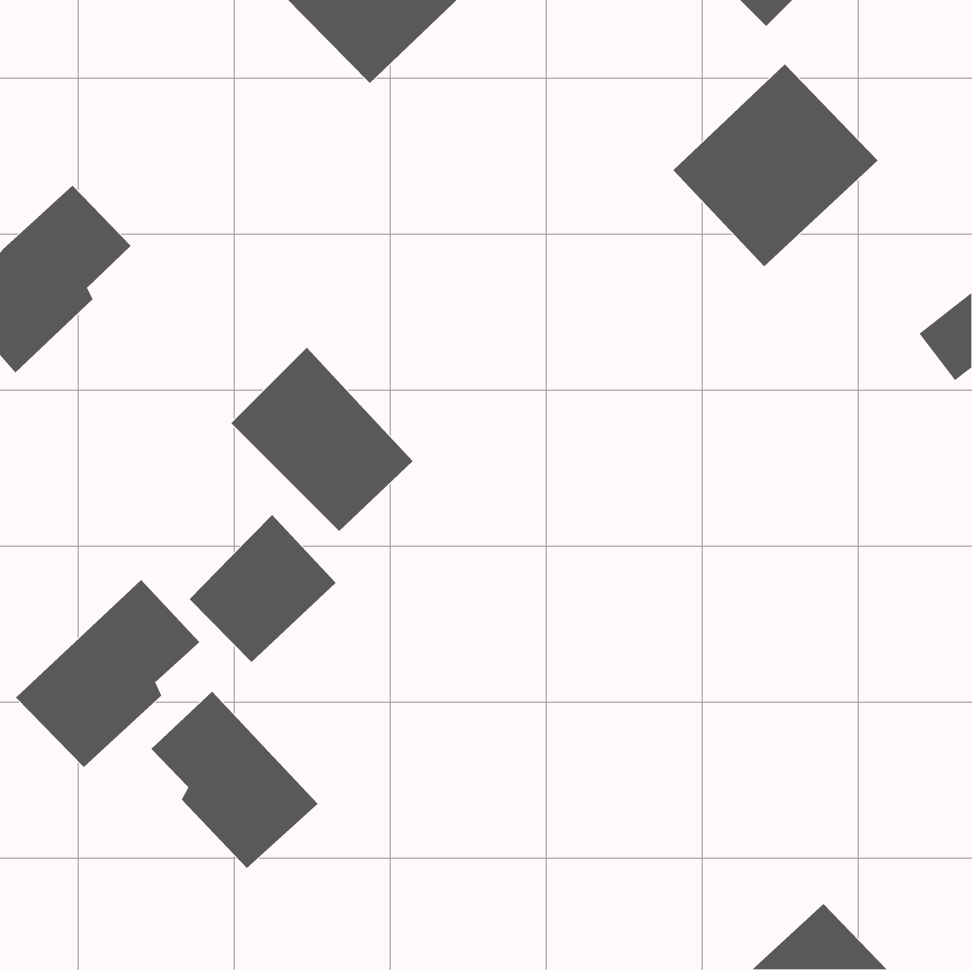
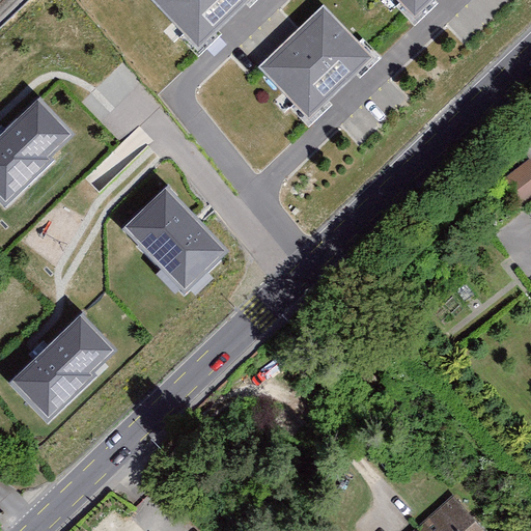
building: [673,63,878,267] -> [262,5,374,116]
building: [189,514,336,663] -> none
building: [150,691,318,869] -> none

